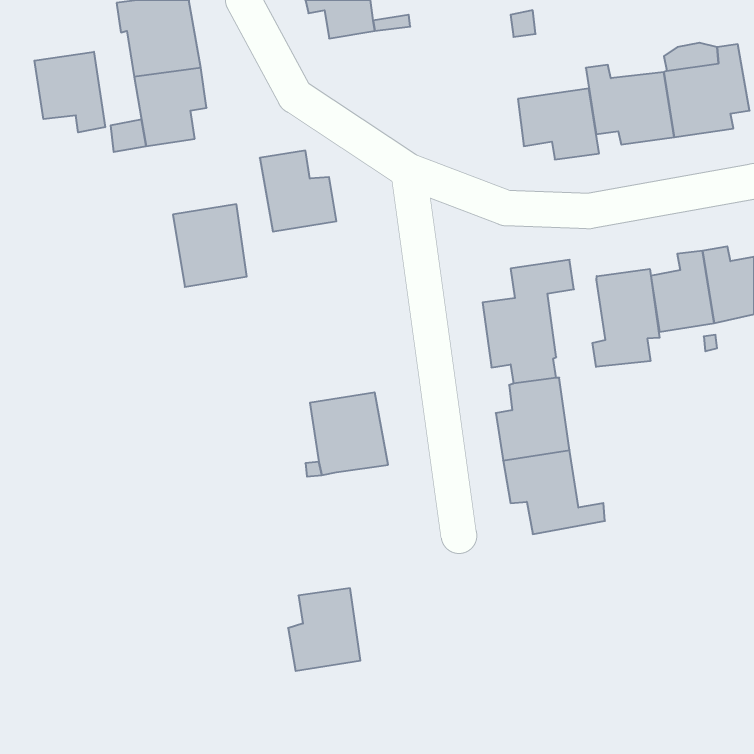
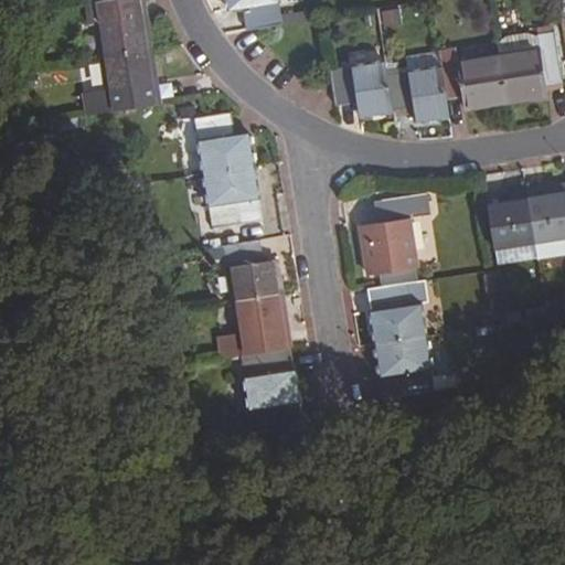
building: [34,52,105,132] -> none
building: none -> [330,61,392,114]
building: [173,204,247,287] -> [204,166,259,227]
building: [592,269,660,367] -> none
building: none -> [224,241,280,301]
building: [288,588,360,671] -> [244,348,298,409]

